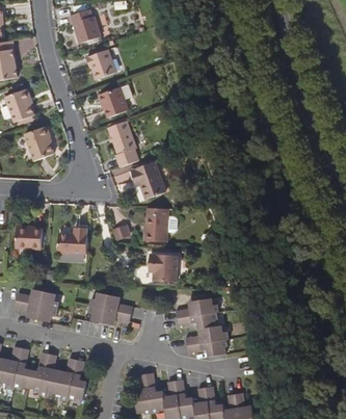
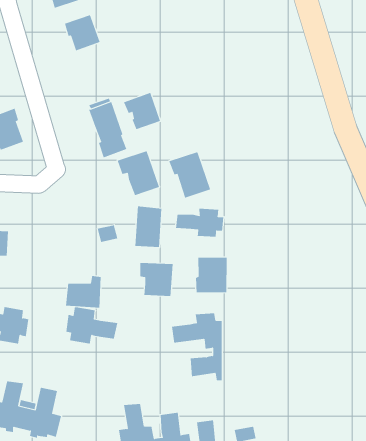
building: [98,87,129,119] -> [123,92,161,130]
building: none -> [168,152,211,198]
building: none -> [176,208,224,237]
building: [57,228,87,255] -> [65,276,102,308]
building: none -> [196,257,227,293]

